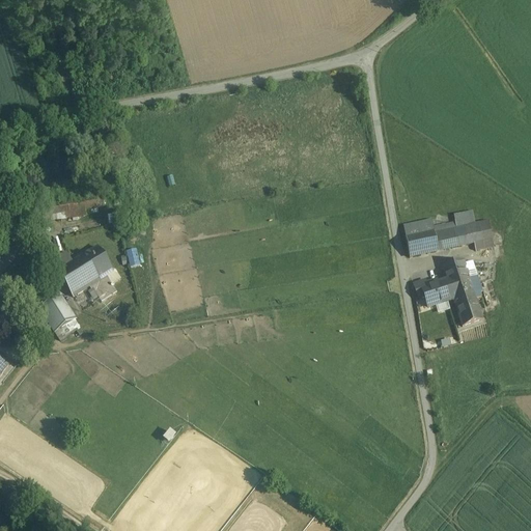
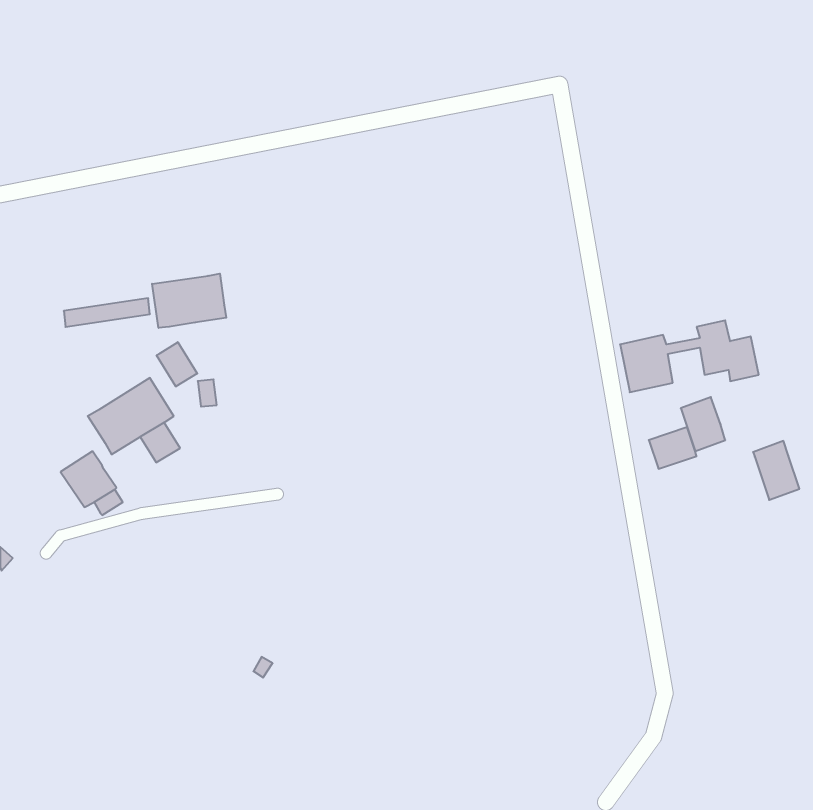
building: none -> [152,274,226,328]
building: none -> [157,342,197,387]
building: [453,286,483,325] -> [753,441,799,500]

